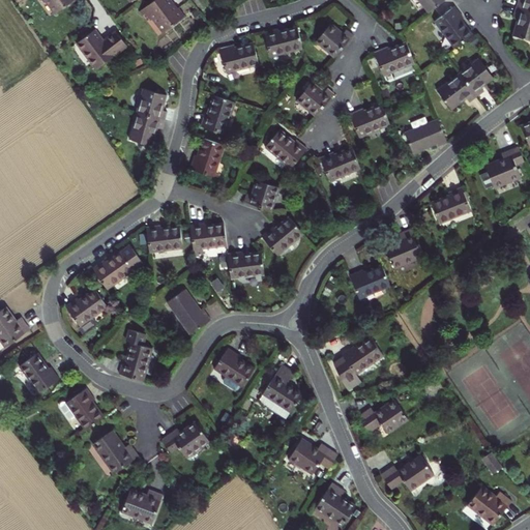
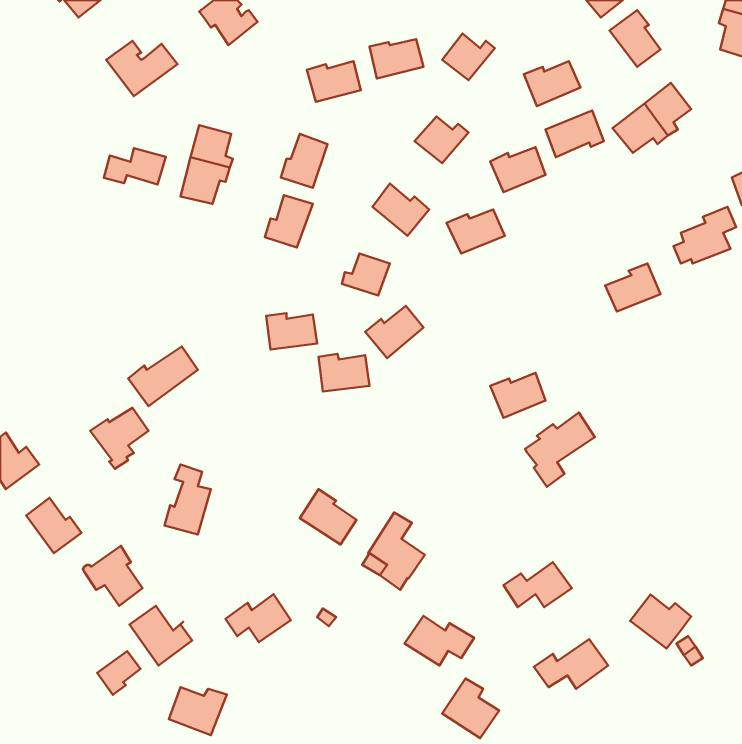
building: none -> [104,148,166,184]
building: [405,120,446,153] -> [546,111,604,157]
building: [146,226,182,252] -> none
building: [386,228,424,267] -> none
building: [168,290,210,334] -> none
building: [333,337,383,390] -> [525,413,595,487]
building: none -> [97,651,140,695]
building: [468,485,511,524] -> [630,595,691,648]

